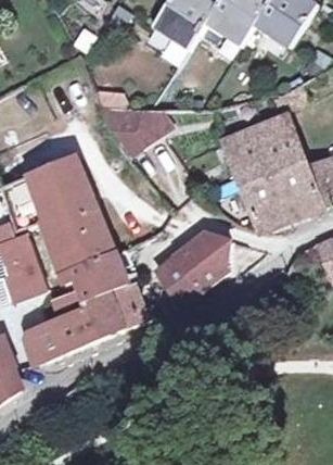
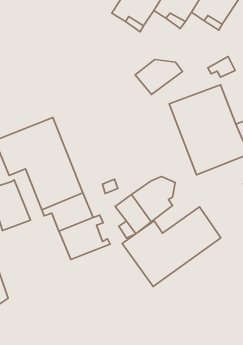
building: [110,106,169,151] -> [135,60,182,95]
building: none -> [122,207,221,286]
building: [26,288,99,363] -> none

